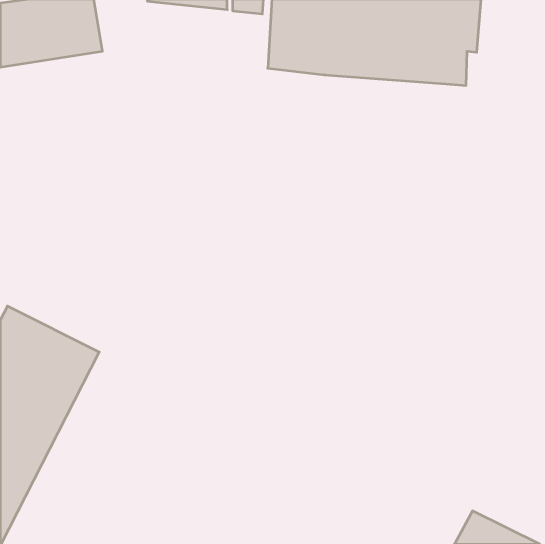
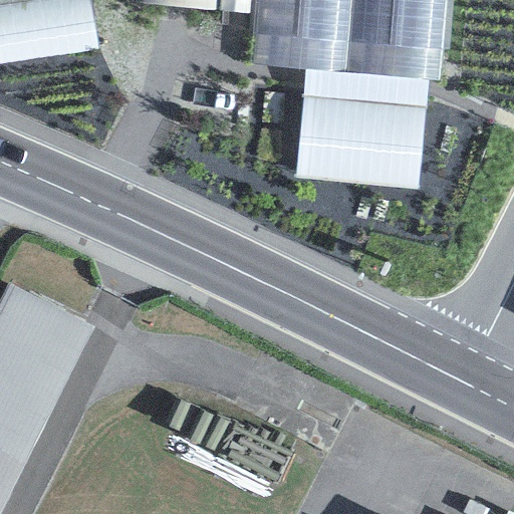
building: none -> [295,70,424,187]

